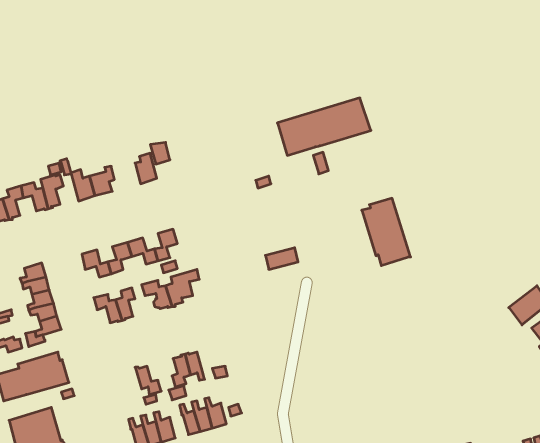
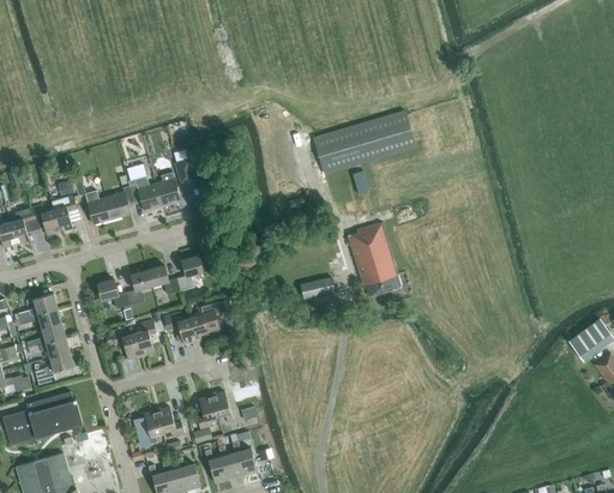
building: none -> [128,175,162,210]
building: [362,198,411,266] -> [348,222,402,296]
building: none -> [137,408,163,446]

